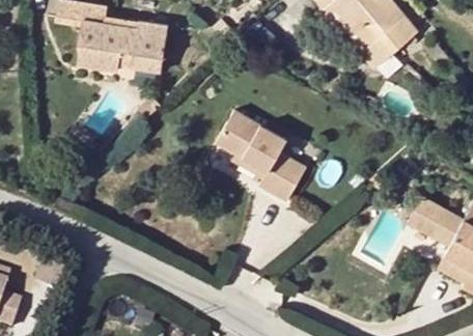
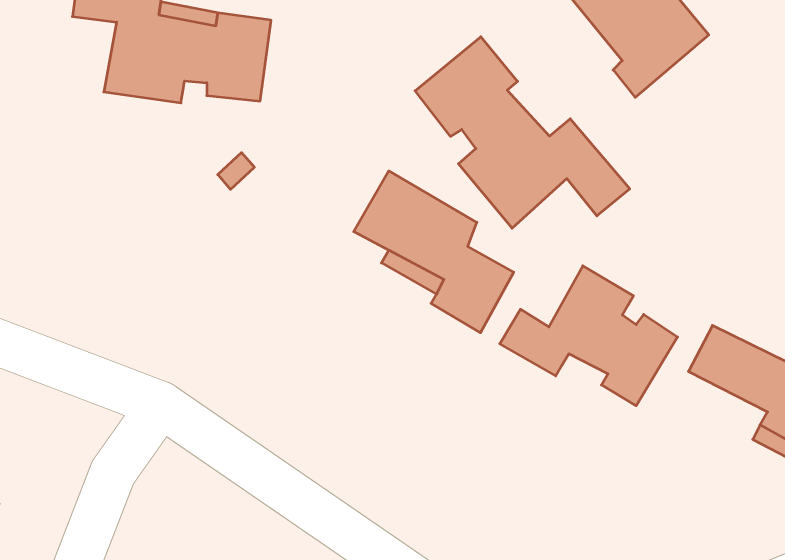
building: none -> [415,37,630,228]
building: none -> [500,266,678,406]

